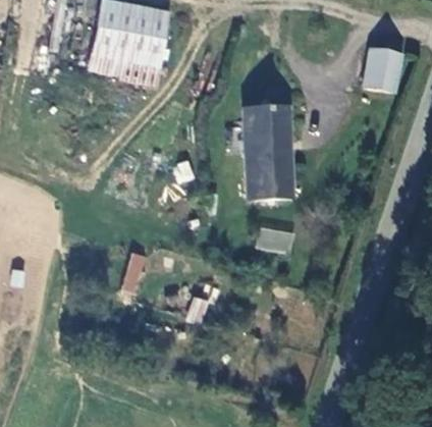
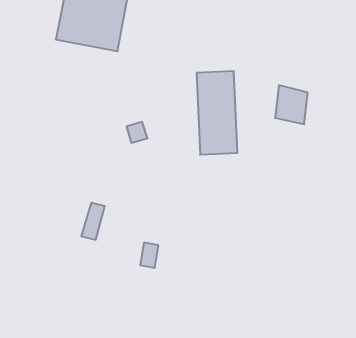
building: [362,46,398,90] -> [275,85,308,124]
building: [253,226,290,255] -> none

